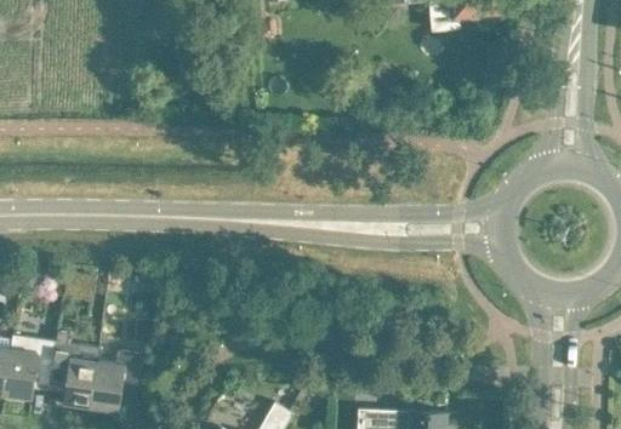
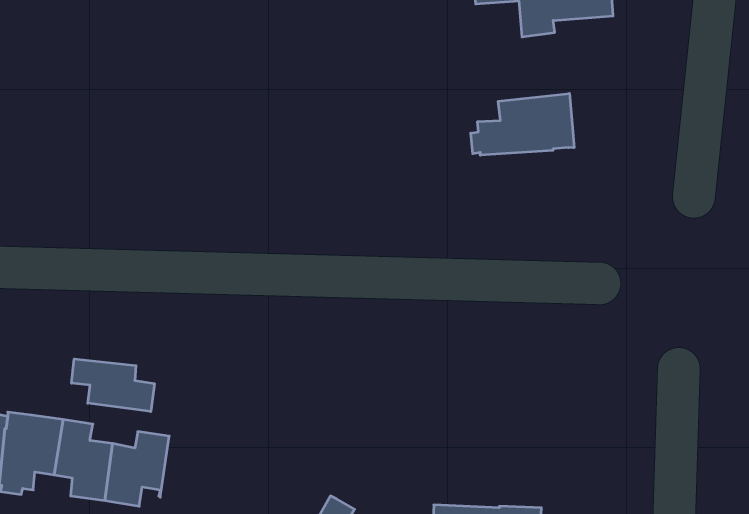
building: none -> [471,93,574,155]
building: none -> [72,359,154,412]

